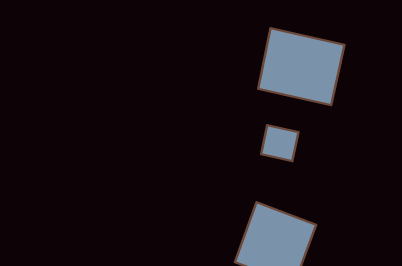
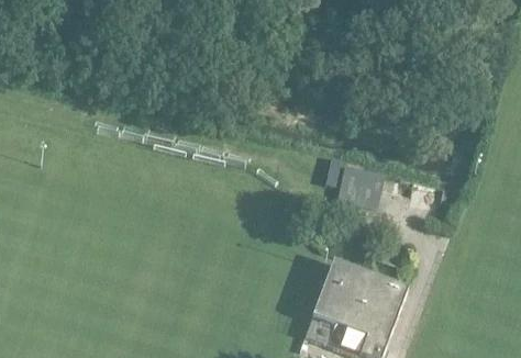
building: [258,28,345,105] -> none

